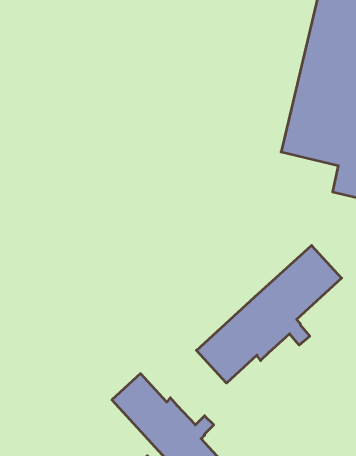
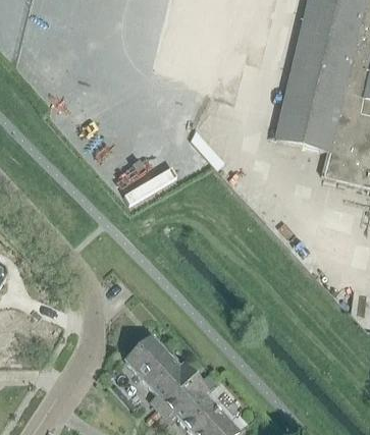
building: [196,245,342,383] -> none

